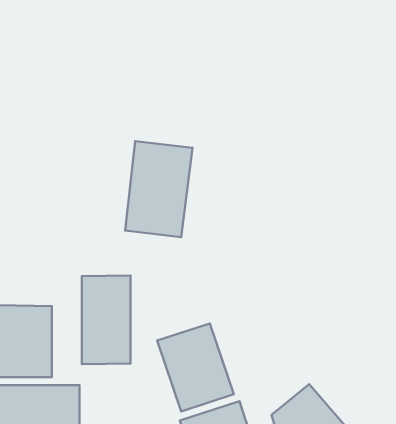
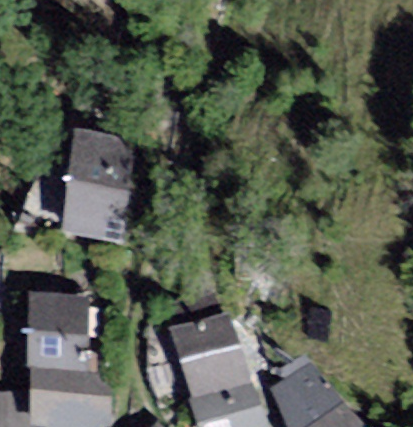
building: [125,141,192,237] -> [62,148,121,232]
building: [82,275,130,364] -> none

